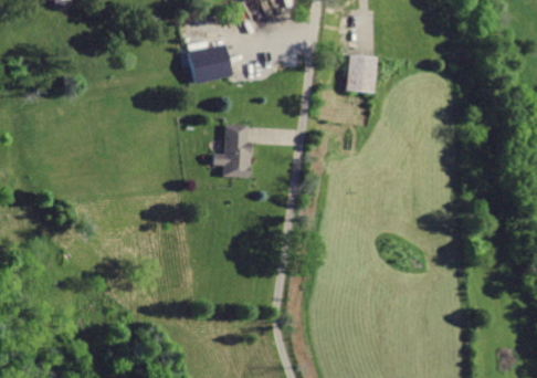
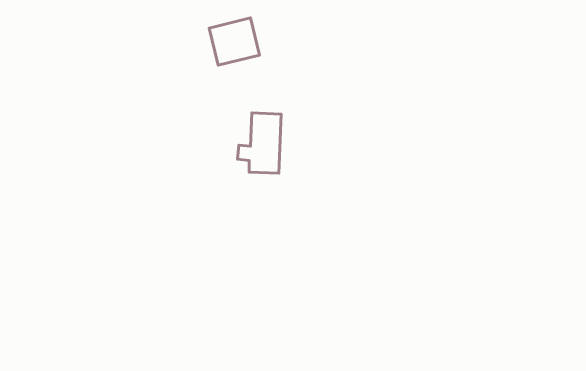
building: [345,55,373,92] -> none

